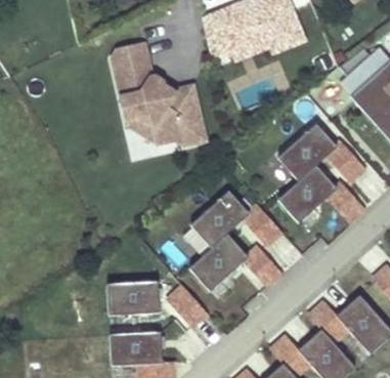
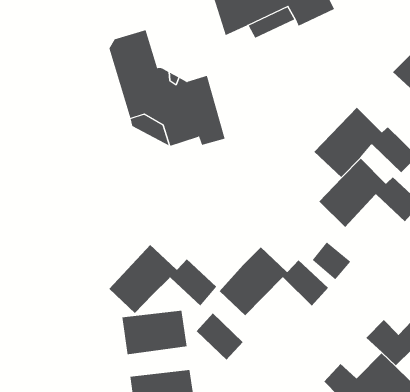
building: [190,190,281,247] -> [108,244,217,314]

